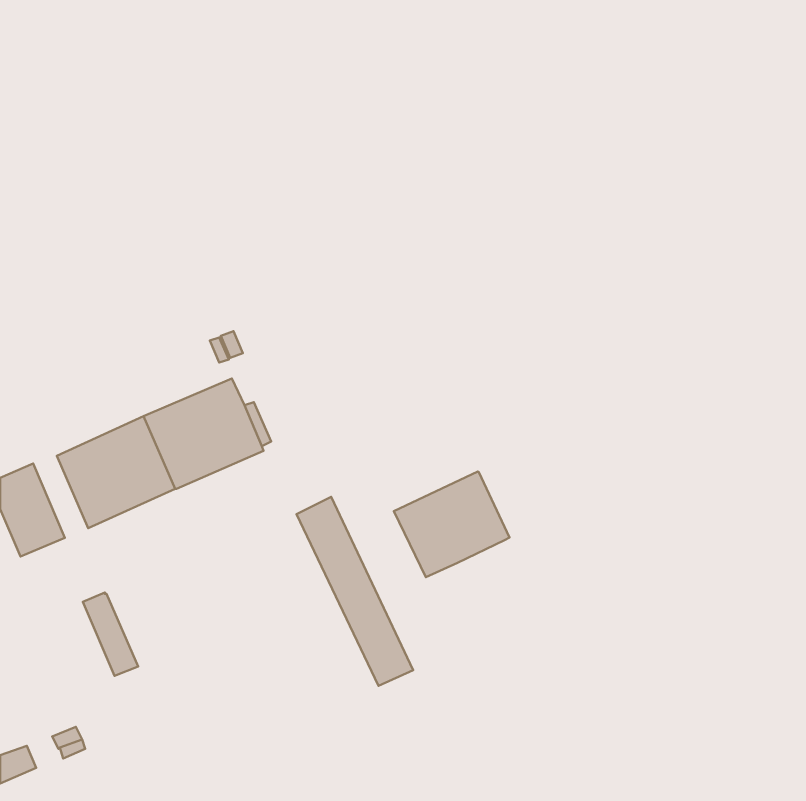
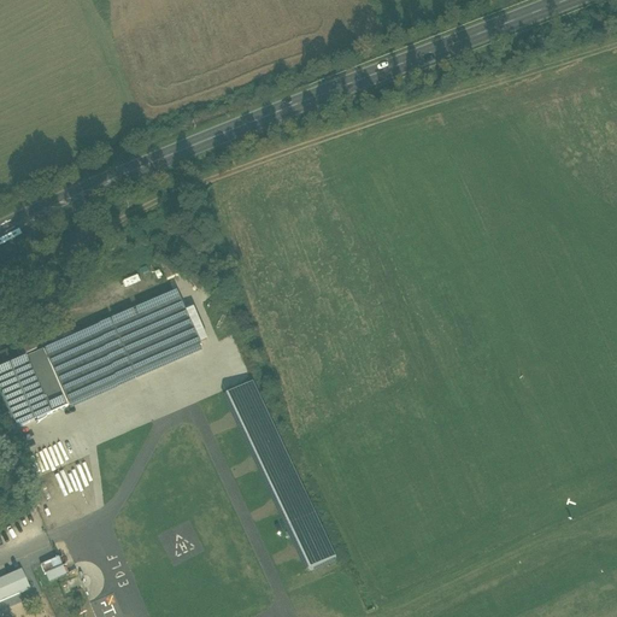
building: [394,471,510,577] -> none
building: [83,592,138,676] -> [25,347,67,411]
building: none -> [289,512,336,568]

